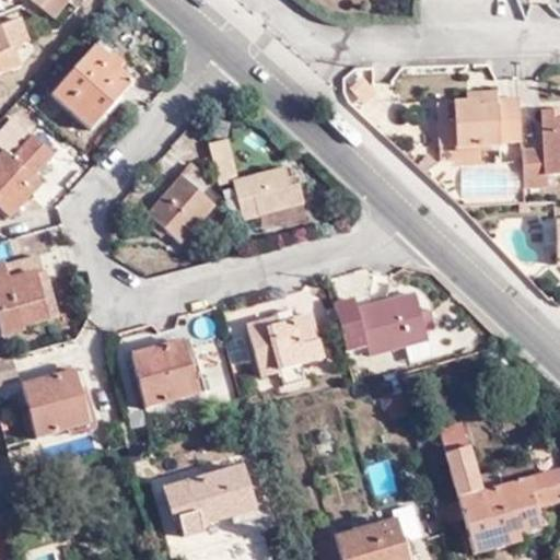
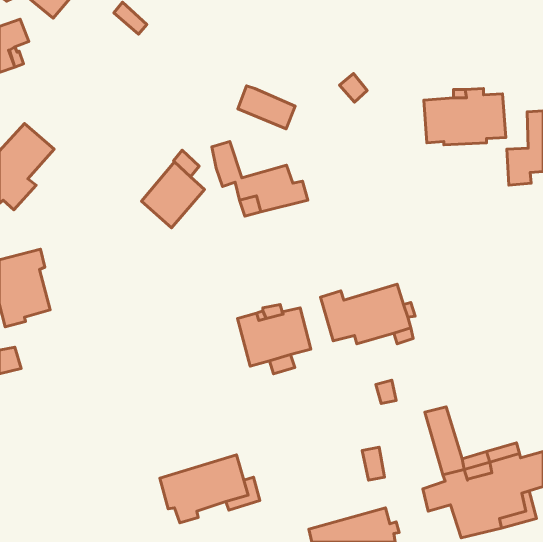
building: [56,44,136,125] -> none
building: none -> [238,86,295,129]
building: [132,340,198,408] -> none
building: [22,370,83,431] -> none

